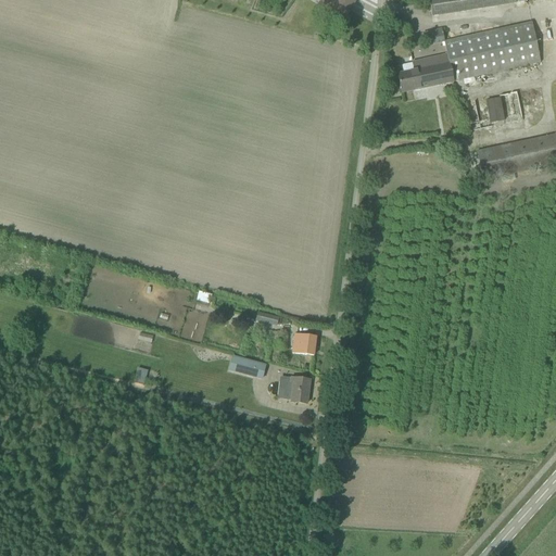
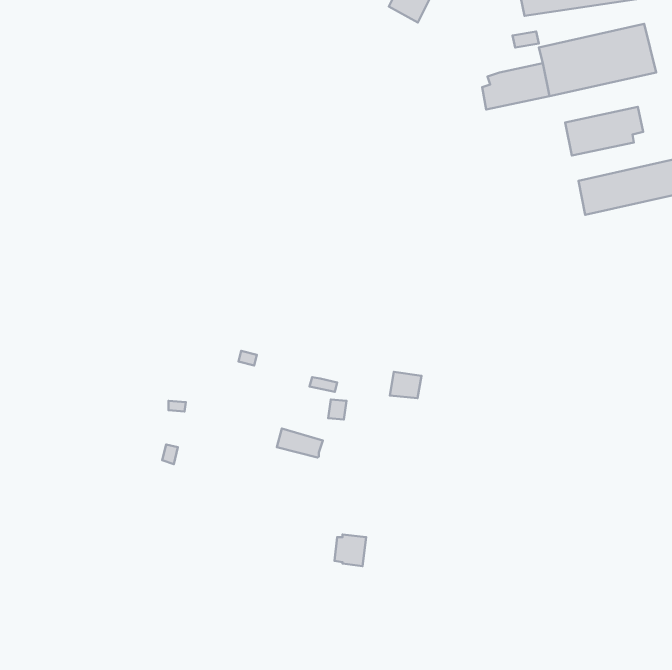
building: [291,331,317,353] -> [390,372,422,398]
building: [285,376,311,402] -> [335,535,366,566]

